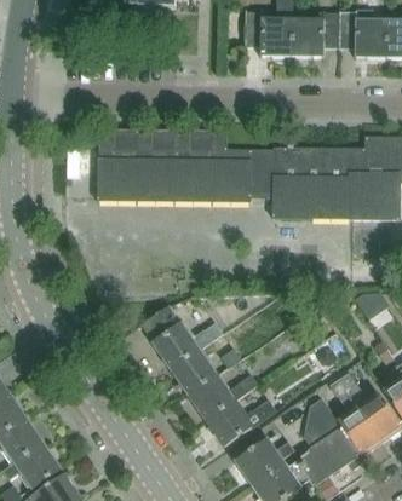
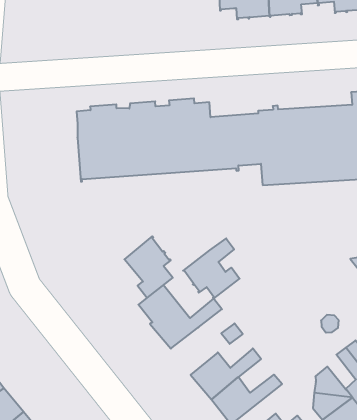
building: none -> [124,236,173,298]
building: none -> [183,238,240,299]
building: [172,350,217,395] -> none

